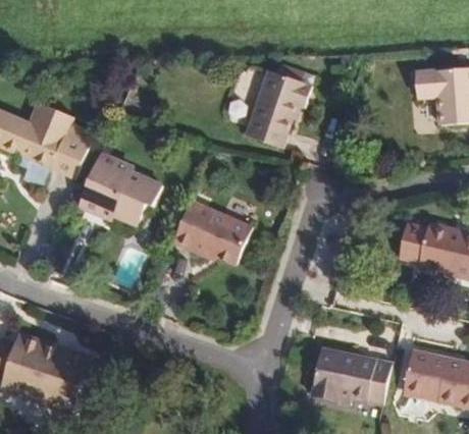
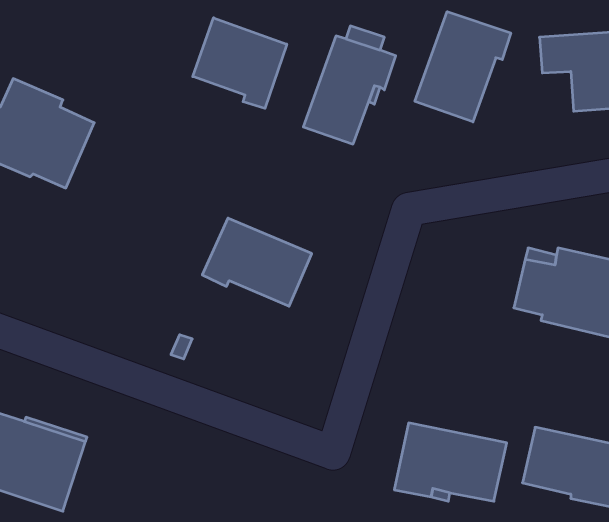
building: none -> [415,12,511,122]
building: none -> [193,18,287,108]
building: [79,152,162,223] -> none

